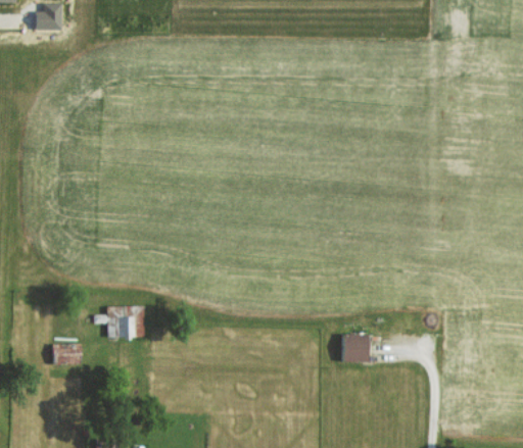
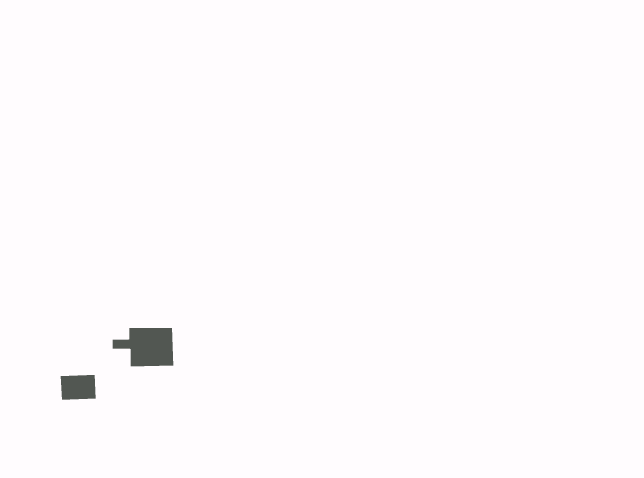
building: [343,335,368,362] -> none

